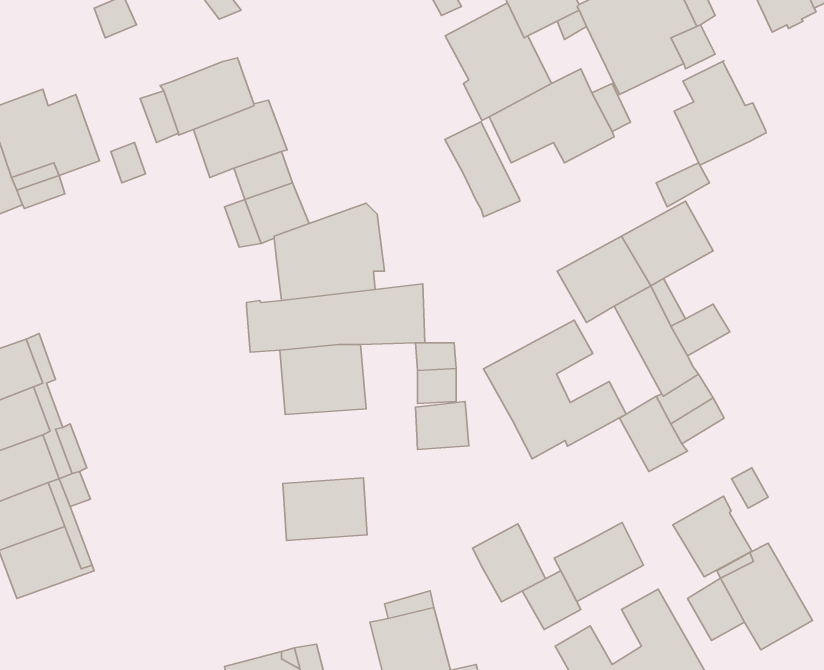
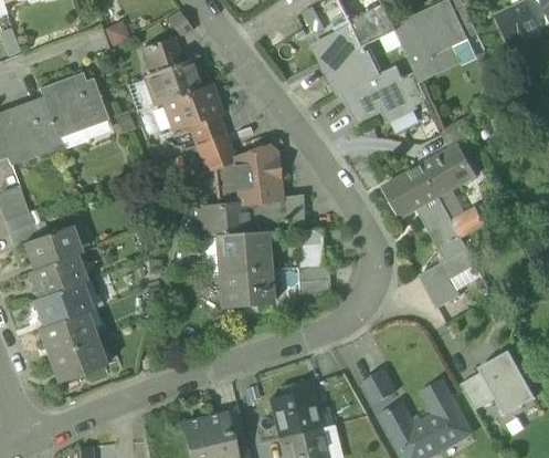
building: none -> [141,35,181,72]
building: [674,61,766,165] -> none
building: [445,122,520,217] -> none
building: [484,320,626,459] -> none
building: [283,478,367,540] -> [219,269,270,306]
building: [673,496,752,577] -> none
building: [554,522,643,602] -> none
building: [472,524,545,602] -> none

